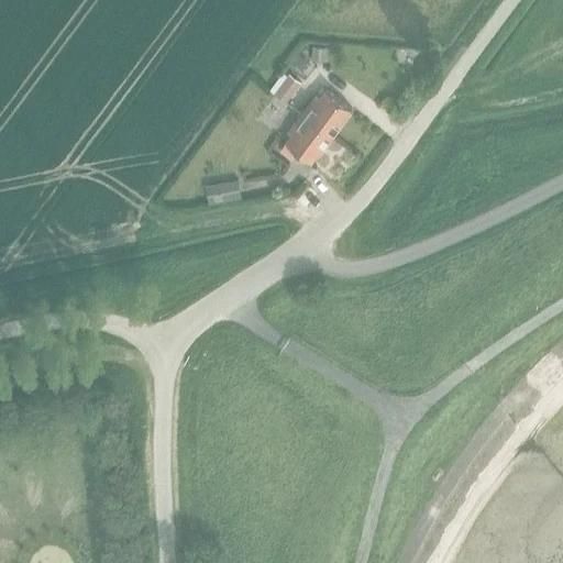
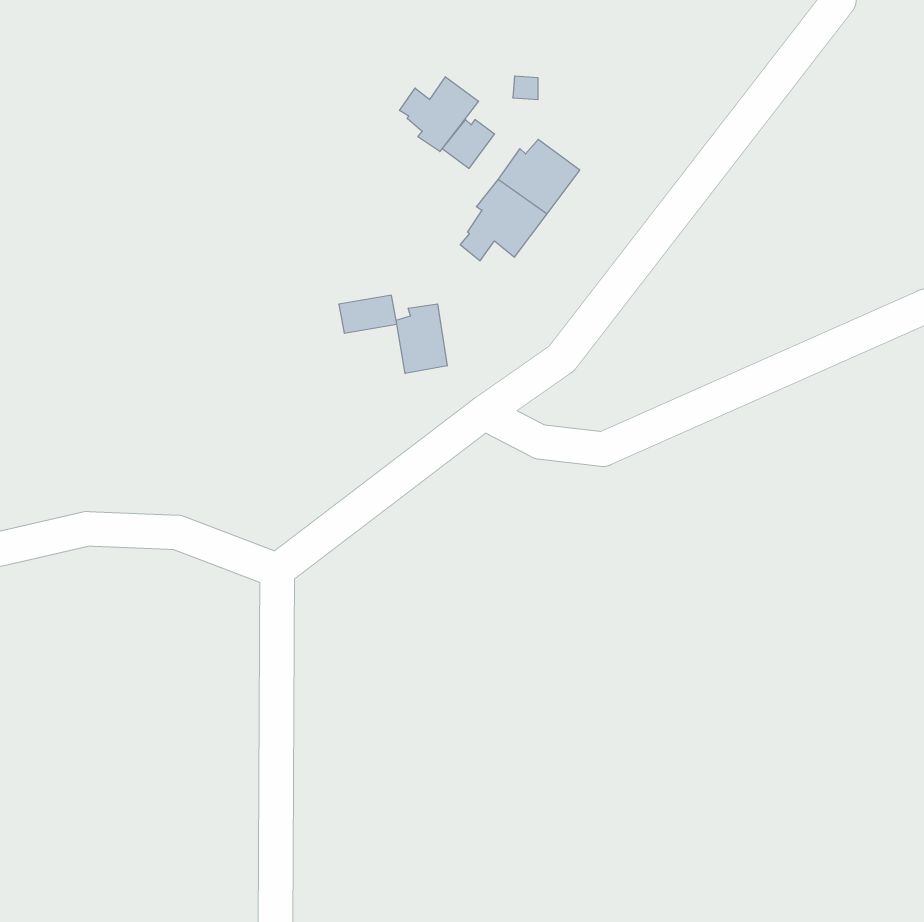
building: none -> [400,77,479,152]
building: none -> [396,304,447,374]

